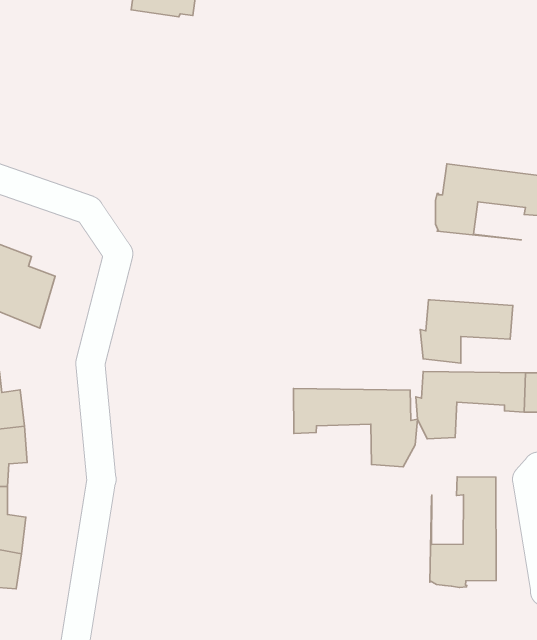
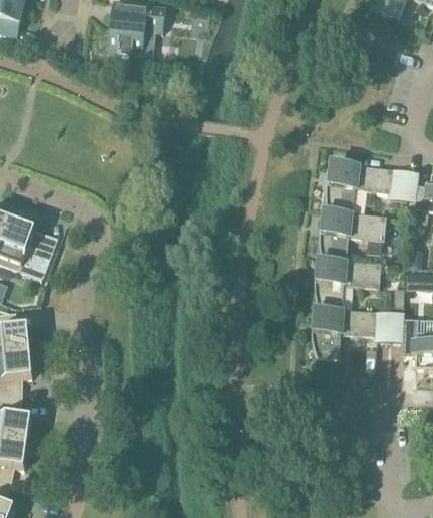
building: none -> [319,209,386,263]
building: [293,388,417,467] -> none
building: [430,477,496,587] -> none

